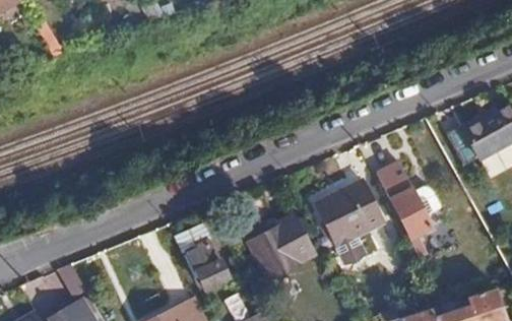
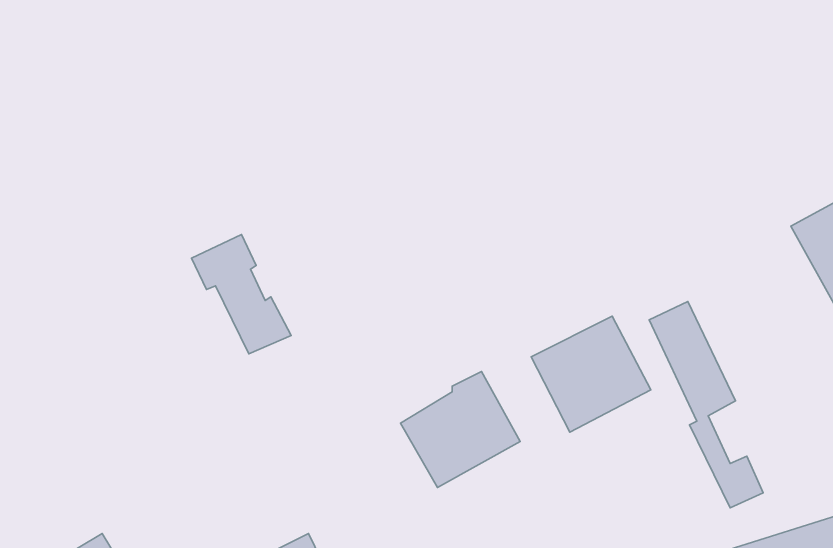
building: [178,222,233,288] -> [192,234,291,354]

